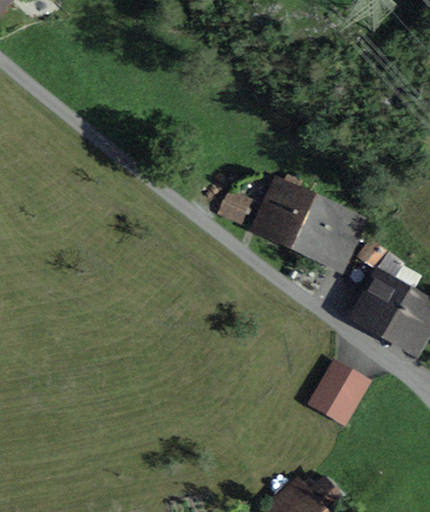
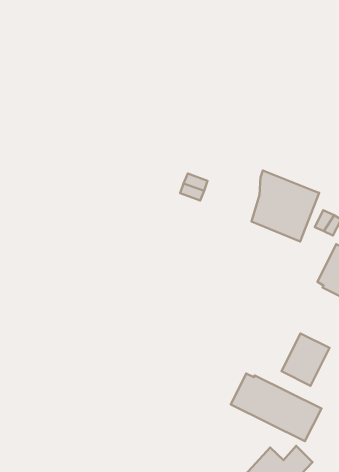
building: [253,178,307,246] -> none
building: none -> [231,374,322,441]

